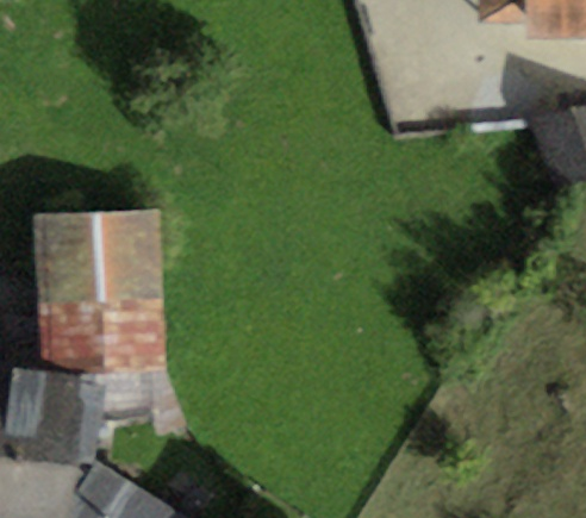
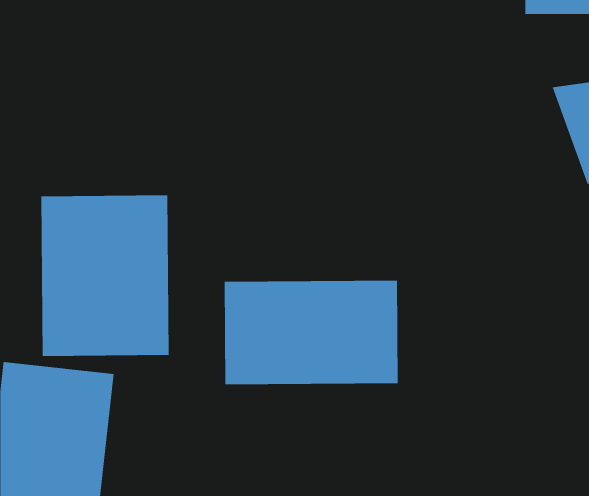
building: none -> [224,280,398,385]

